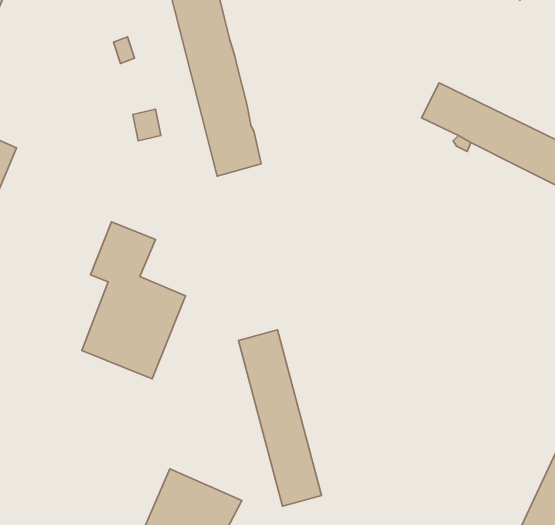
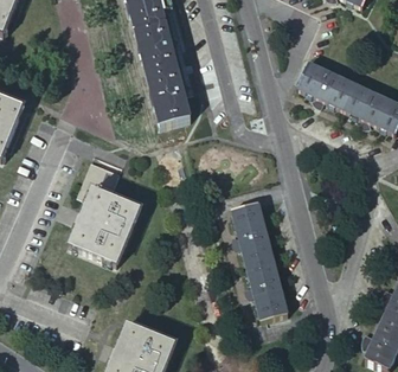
building: [239,330,321,506] -> [231,200,287,319]

